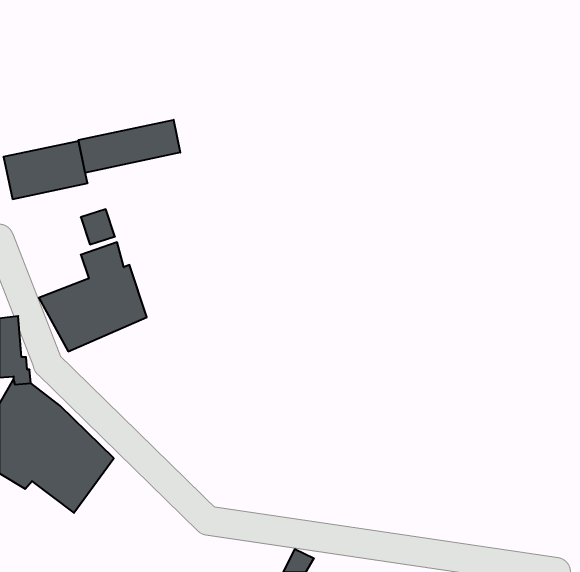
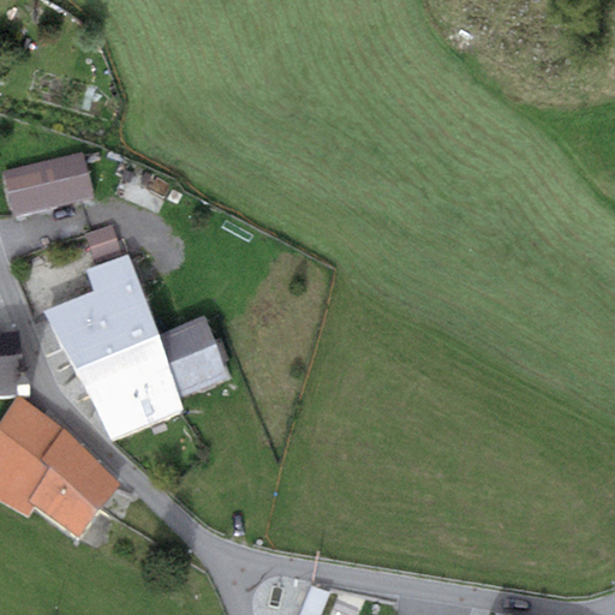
building: [79,120,180,173] -> none
building: none -> [72,316,227,442]

